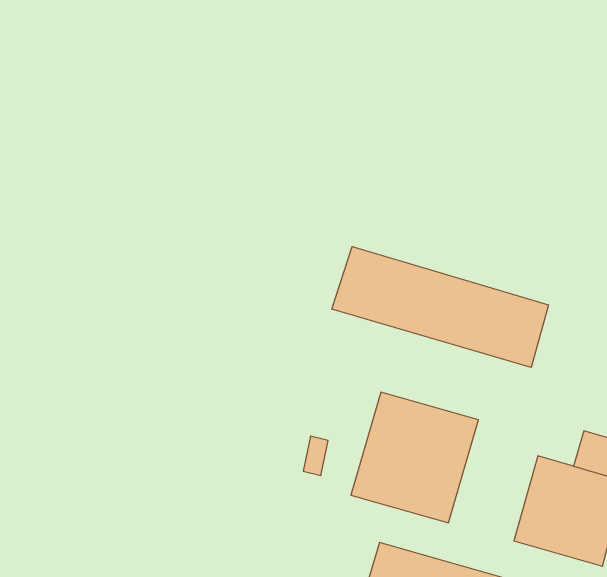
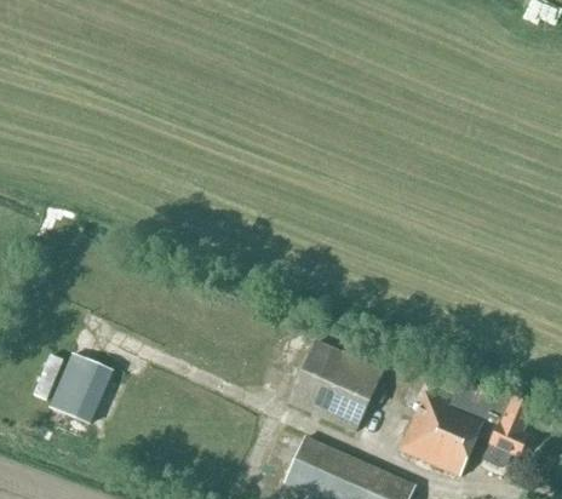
building: [332,247,548,367] -> none
building: none -> [47,351,111,423]

